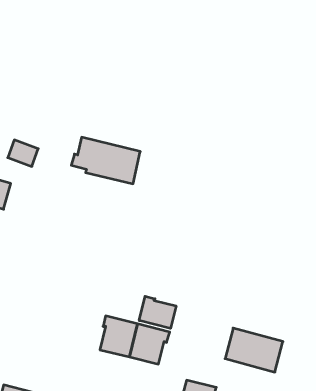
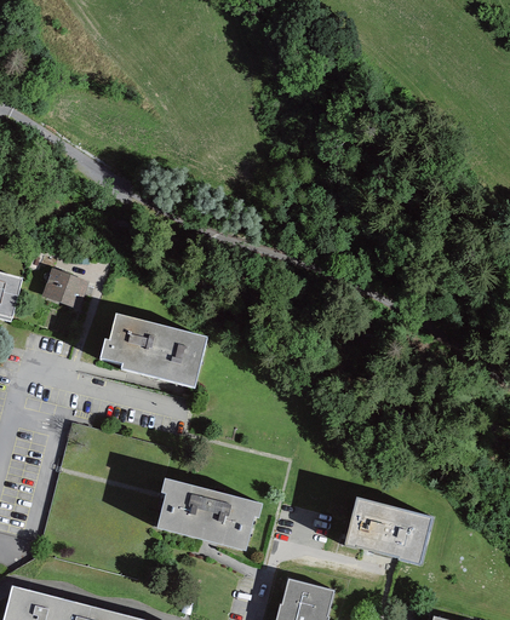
building: [71,137,140,184] -> [101,317,205,388]
building: [8,140,38,166] -> [41,271,87,311]
building: [139,296,176,328] -> none

